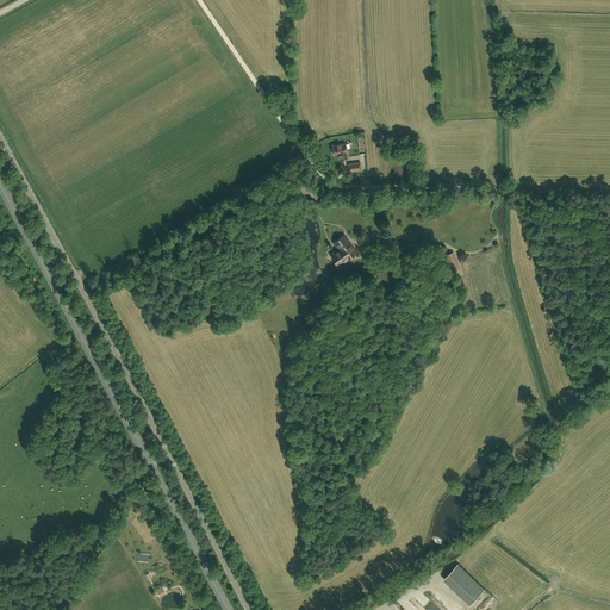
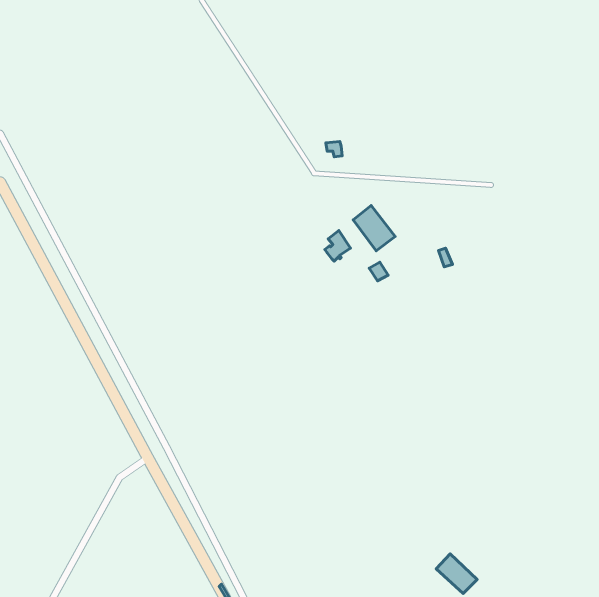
building: none -> [353,205,395,251]

